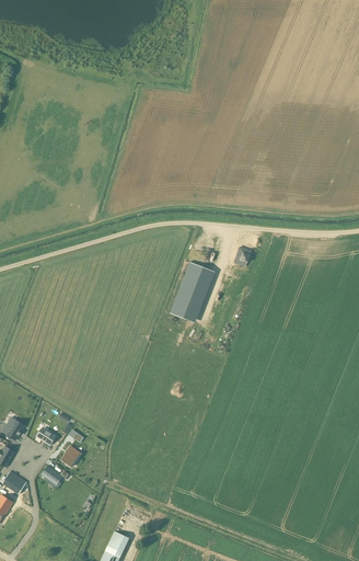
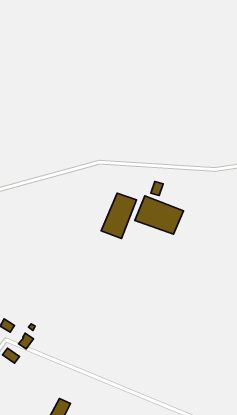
building: none -> [135,196,183,234]

